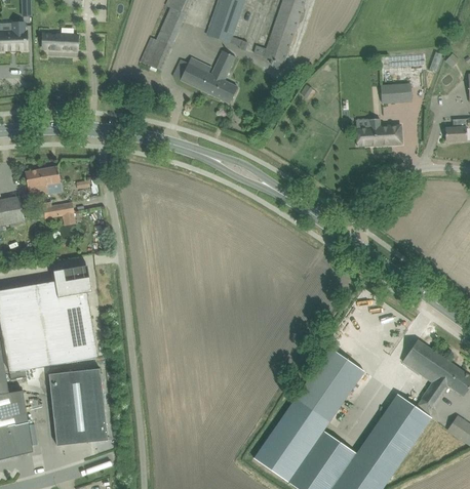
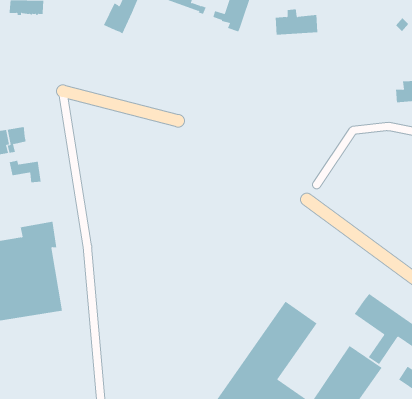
building: [172,50,237,104] -> none
building: [380,83,410,103] -> none
building: [356,118,401,146] -> [275,9,318,35]
building: [48,368,107,445] -> none

